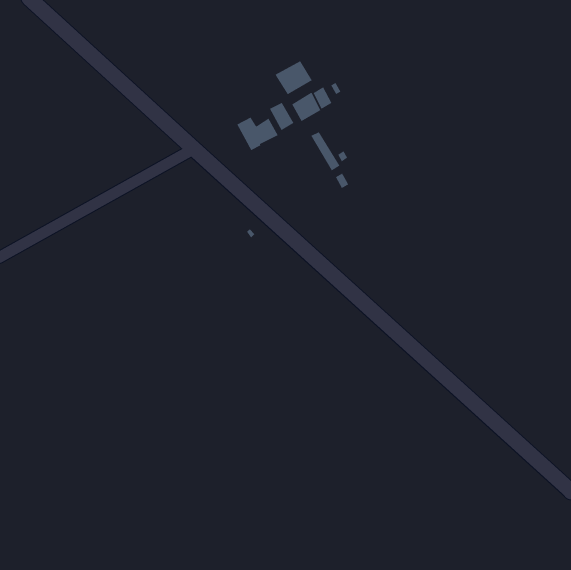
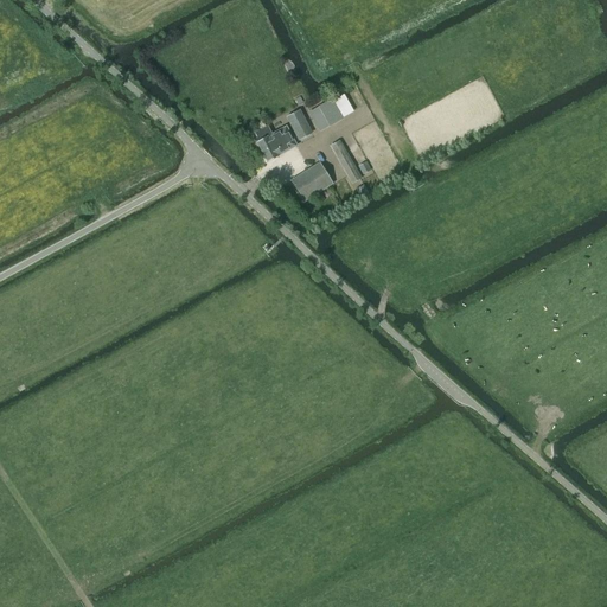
building: [275,60,313,96] -> none
building: none -> [290,161,331,199]

